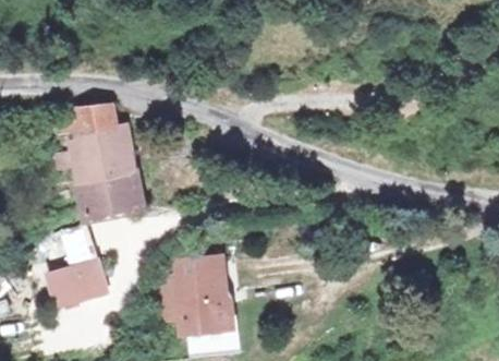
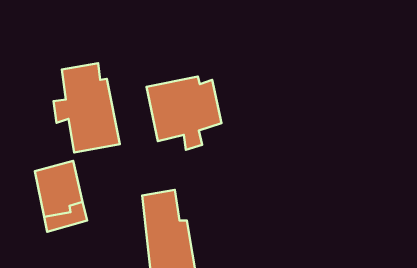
building: none -> [146,77,222,150]

